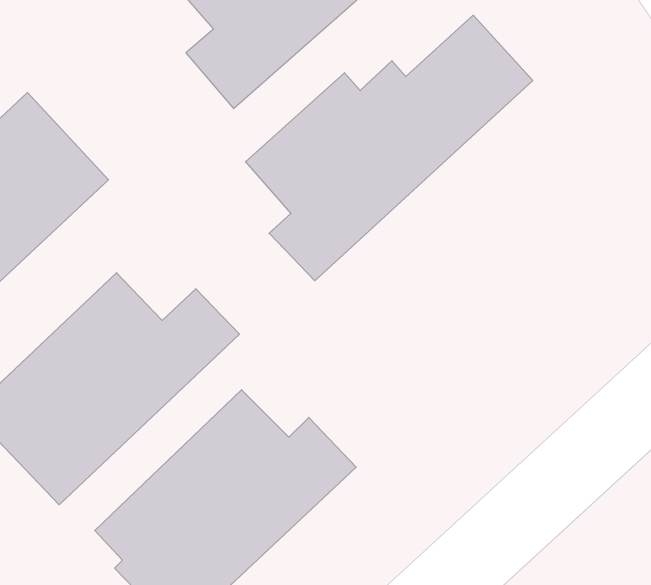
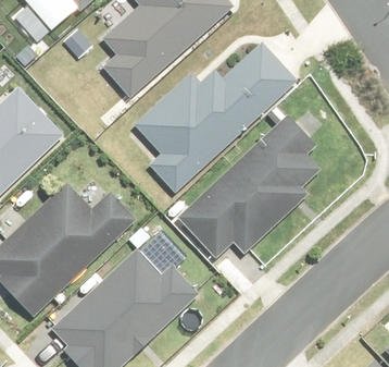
building: none -> [179,118,319,259]

